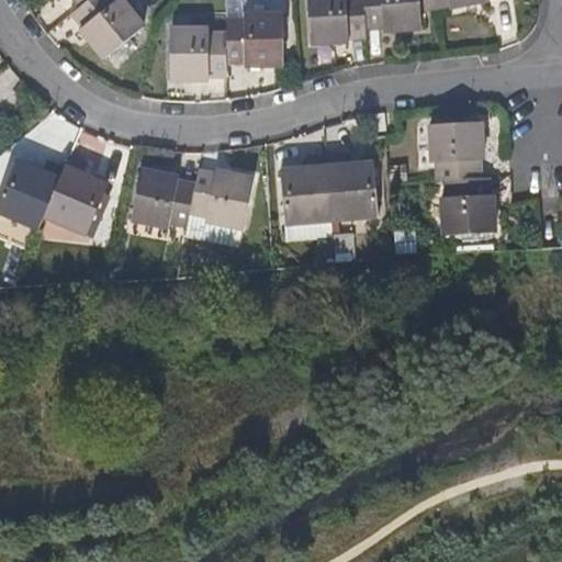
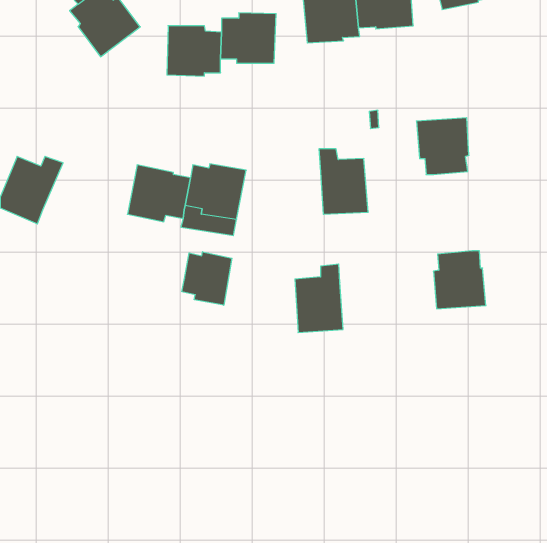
building: [282,153,331,223] -> [295,264,343,333]
building: [44,154,108,234] -> none
building: [440,176,494,235] -> [433,251,486,309]
building: none -> [182,252,232,305]

